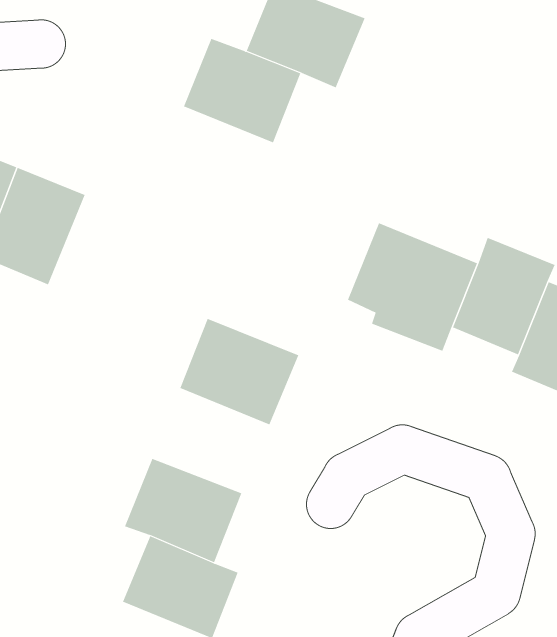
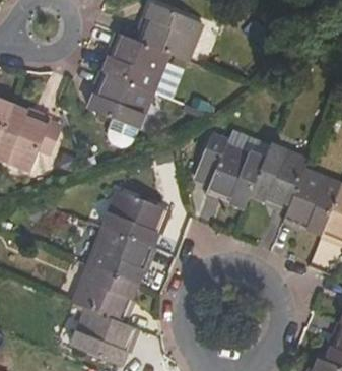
building: none -> [90,71,154,129]
building: none -> [87,227,152,285]

